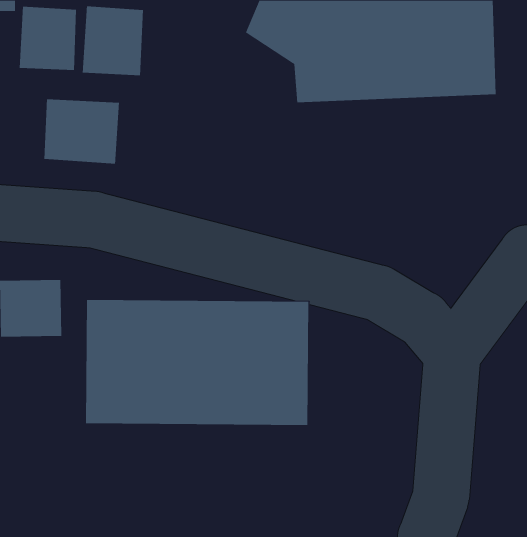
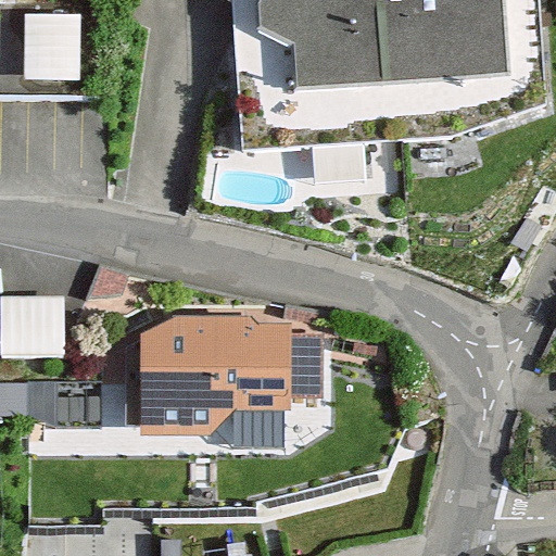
building: [82,5,143,76] -> none
building: [44,98,119,164] -> none

